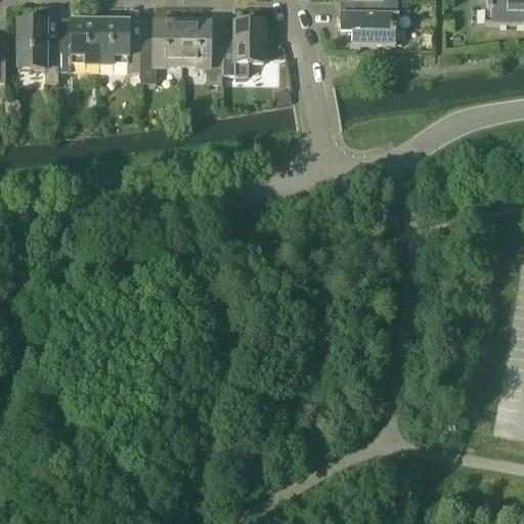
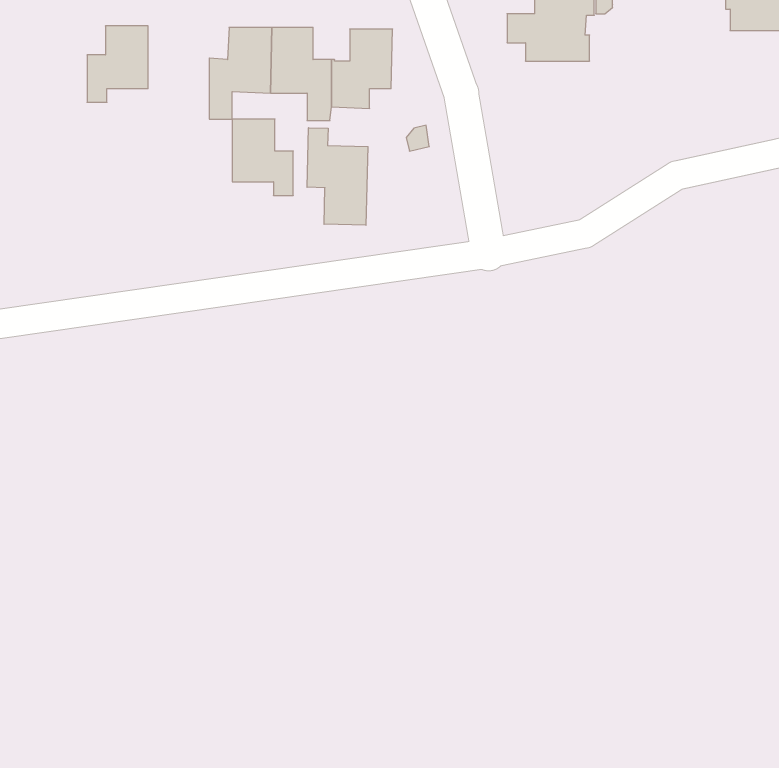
building: [17,16,59,78] -> none
building: [100,17,141,69] -> [232,119,293,195]
building: none -> [307,128,368,225]

